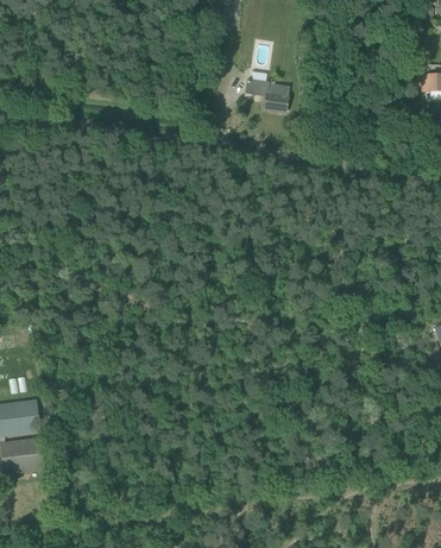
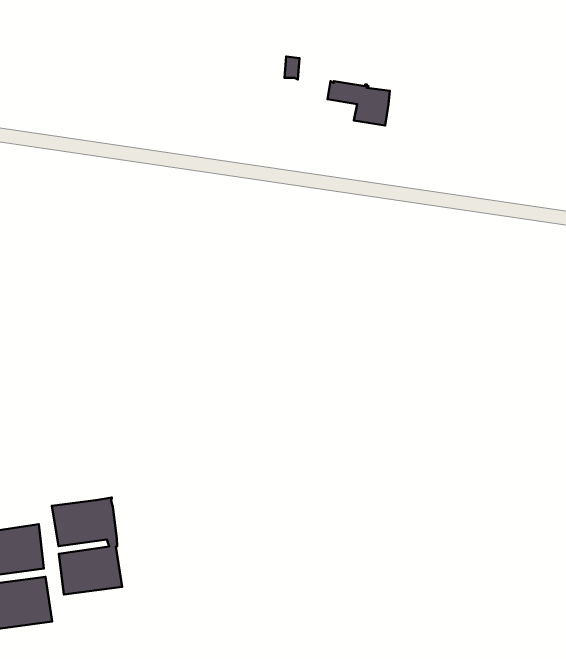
building: none -> [52,498,122,594]

